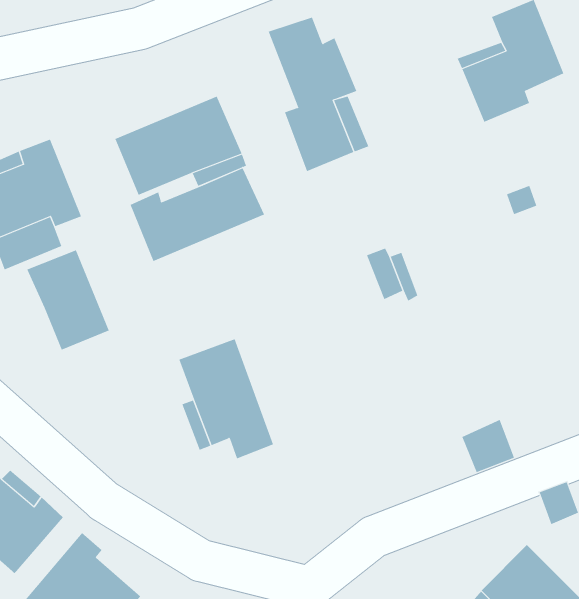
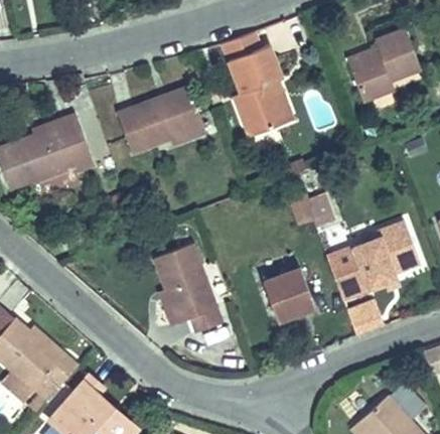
building: [130,167,265,262] -> none
building: [26,250,110,350] -> none
building: none -> [334,221,424,299]
building: none -> [272,267,324,322]

